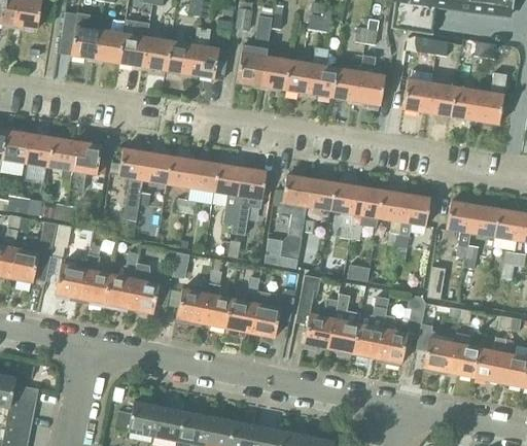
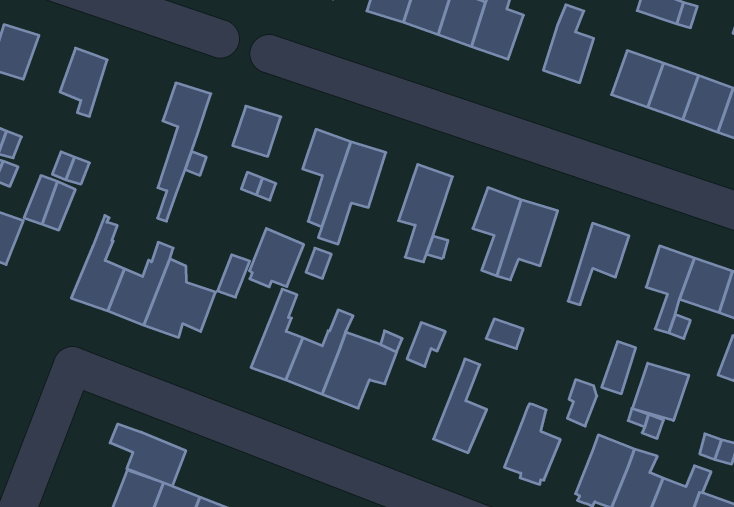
building: [332,67,360,100] -> none
building: [25,133,55,167] -> none
building: [70,141,102,191] -> none
building: [142,151,170,182] -> none
building: [189,159,217,190] -> none
building: [306,178,333,209] -> none
building: [377,188,405,245] -> none
building: [266,238,300,269] -> none
building: [57,260,87,298] -> none
building: none -> [633,363,689,421]
building: [176,287,208,324] -> [249,228,304,287]
building: [303,297,337,348] -> none
building: [350,323,381,358] -> none
building: none -> [110,424,186,486]

